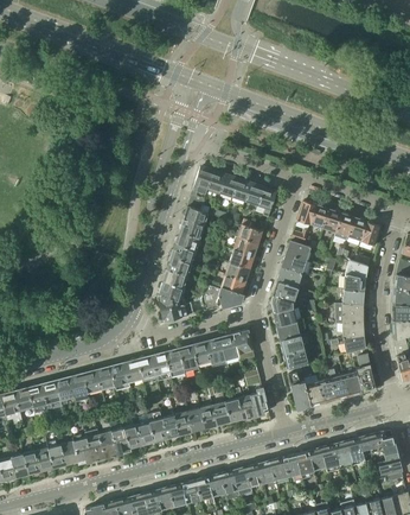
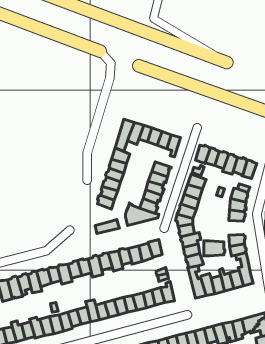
building: [158,281,186,311] -> none
building: [335,304,364,324] -> [204,241,225,256]

